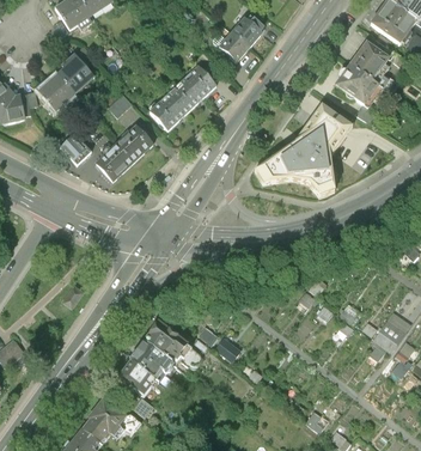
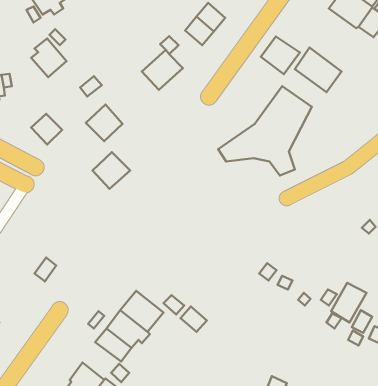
building: [348,42,389,81] -> [261,36,300,74]
building: [37,74,74,111] -> none
building: [148,89,190,130] -> none
building: [93,142,133,181] -> [93,152,130,189]

